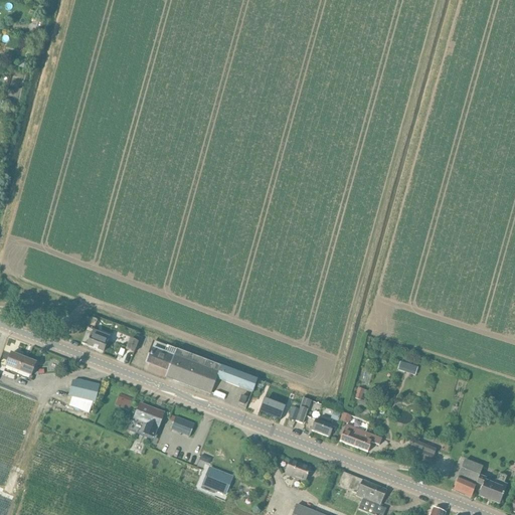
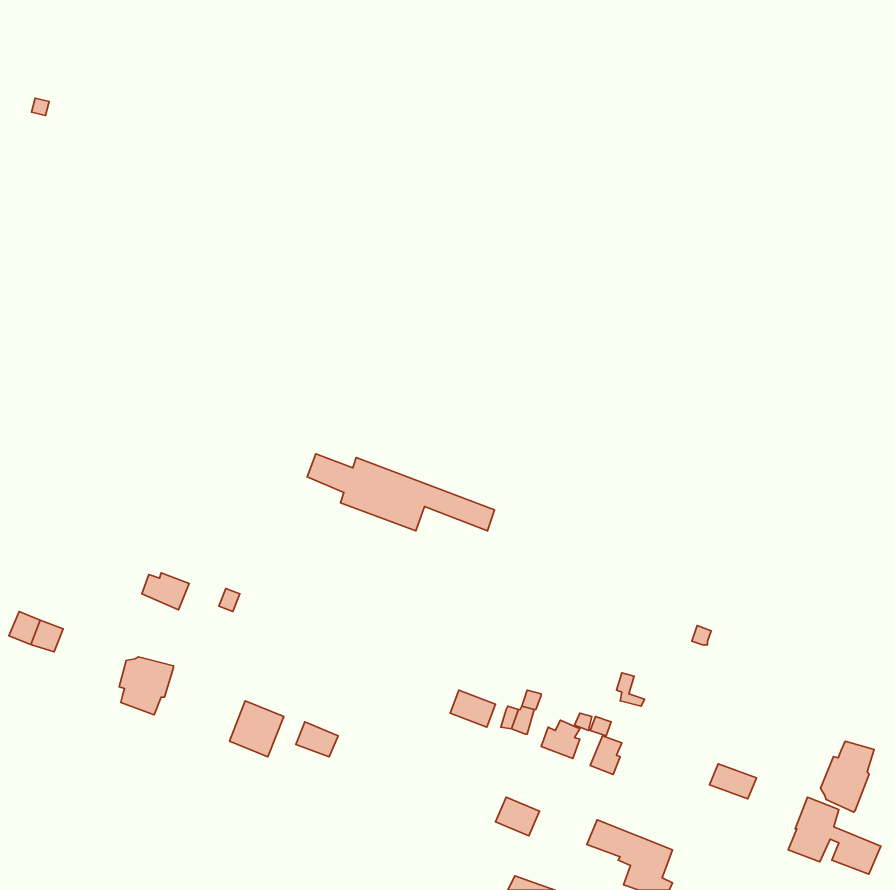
building: [147,346,254,390] -> [307,454,495,531]
building: none -> [821,741,874,812]
building: [352,426,381,451] -> none
building: [203,465,233,494] -> none

